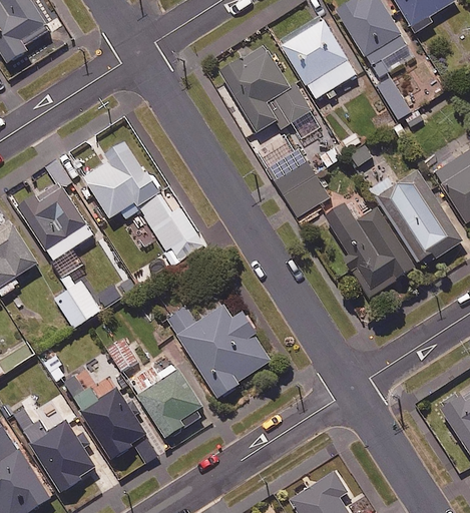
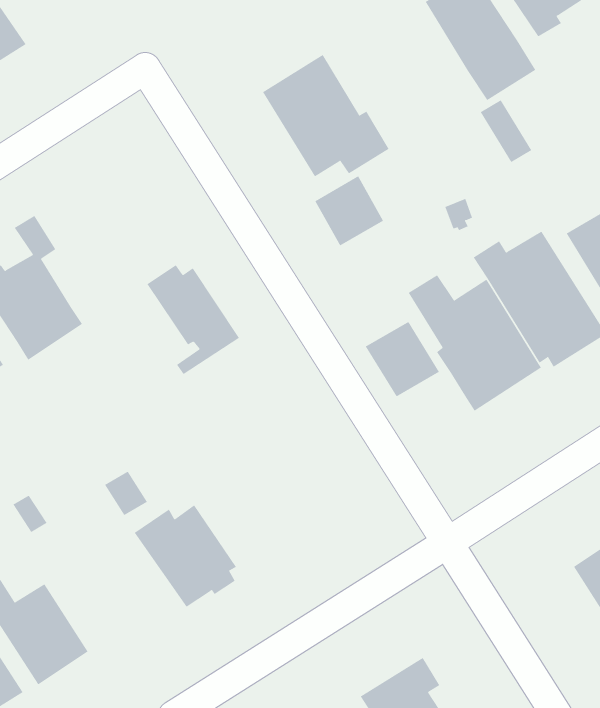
building: [280,15,354,100] -> none
building: [83,139,158,218] -> none
building: [275,161,328,215] -> [365,321,440,397]
building: [54,273,99,327] -> none
building: [166,303,270,397] -> none
building: [65,371,158,463] -> none

